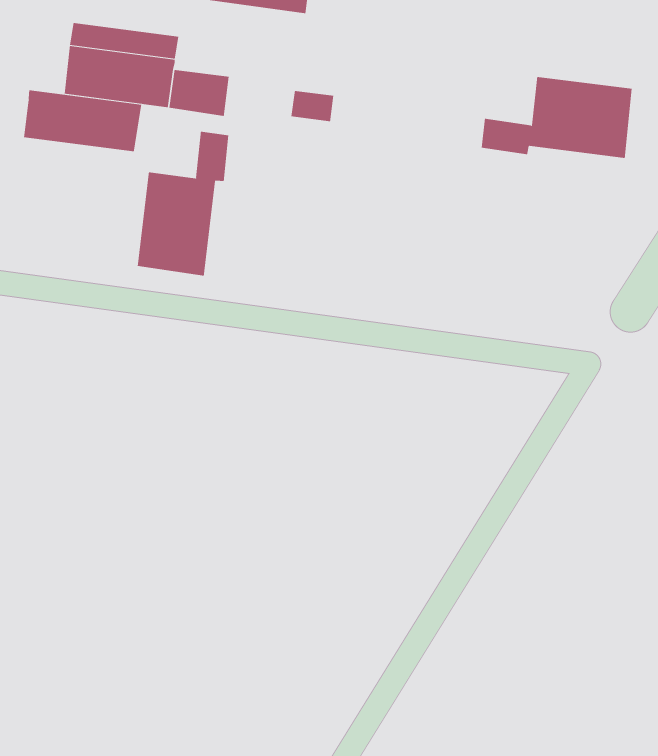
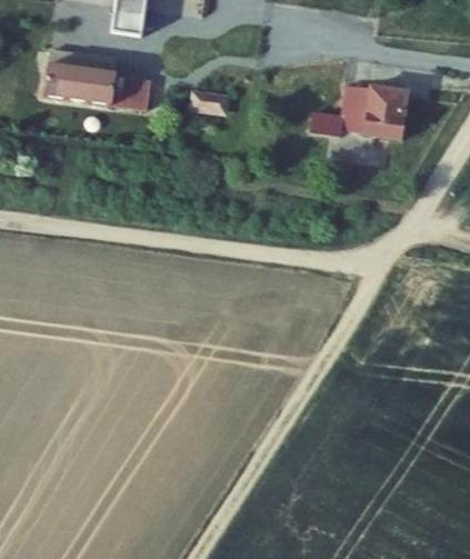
building: [24,90,142,152] -> none
building: [137,131,229,277] -> none

